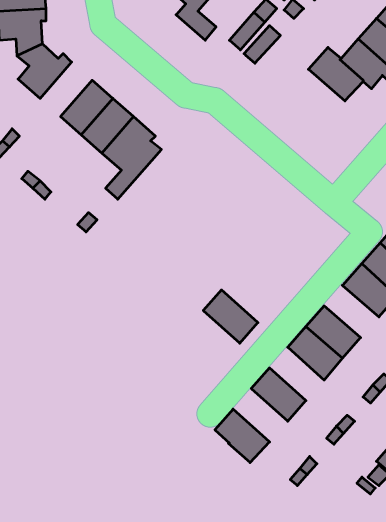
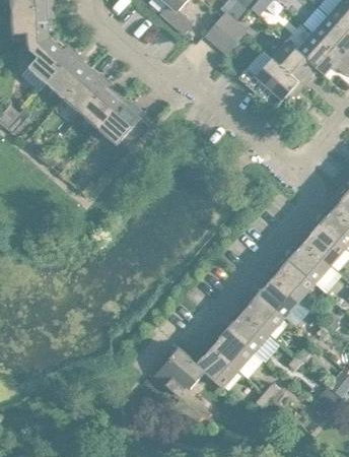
building: none -> [239,51,302,124]
building: none -> [48,53,91,99]
building: none -> [285,240,331,283]
building: [203,290,258,343] -> [239,291,285,336]
building: none -> [209,326,255,371]
building: none -> [155,344,206,396]

